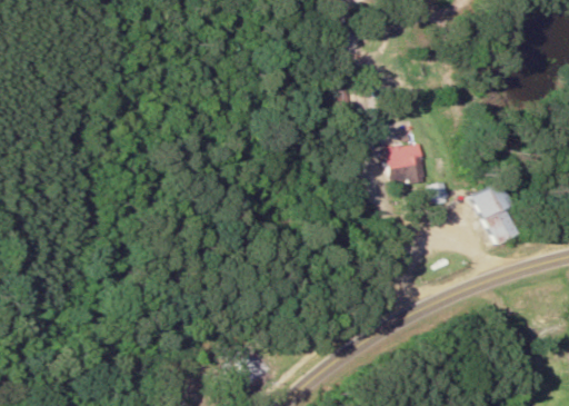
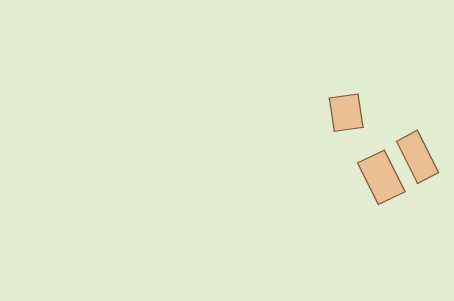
building: none -> [358,150,405,205]

